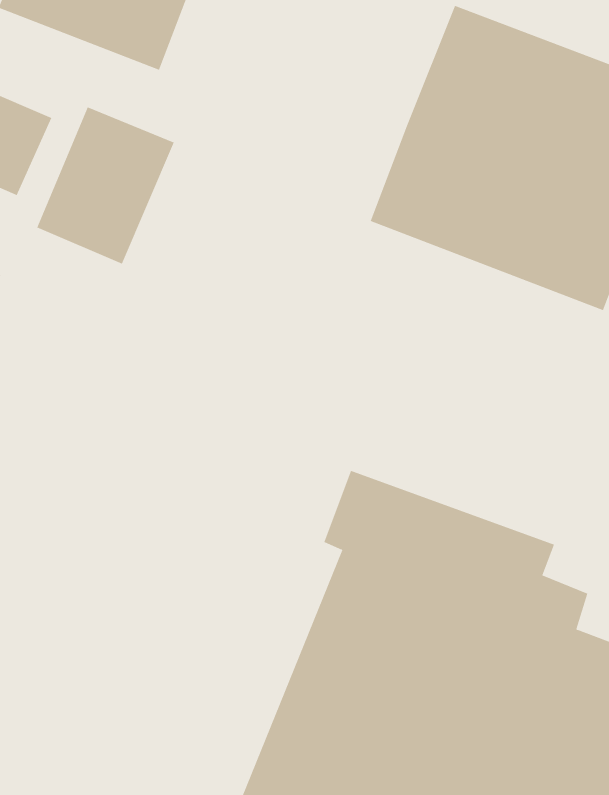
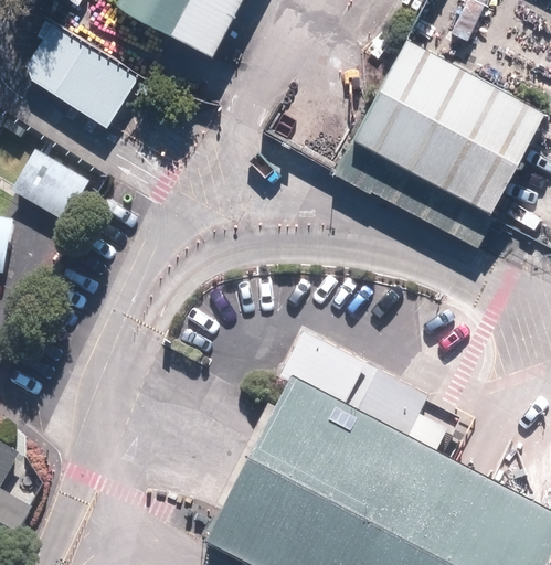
building: [36,106,175,264] -> none

